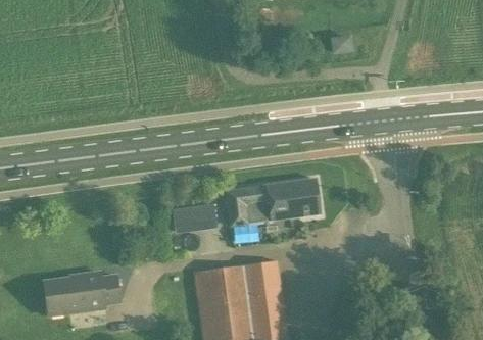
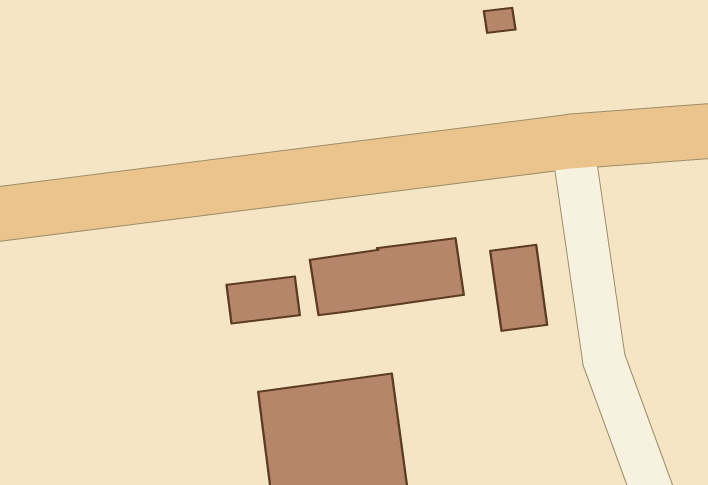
building: none -> [490,245,547,331]
building: [44,273,120,315] -> none

